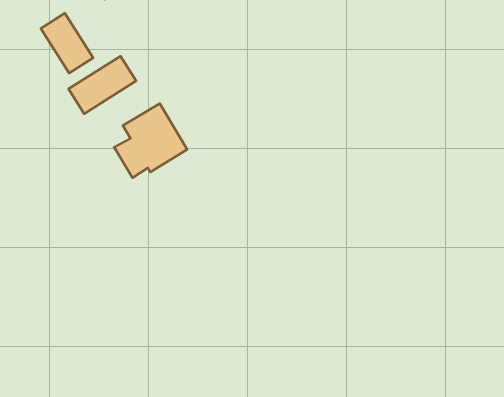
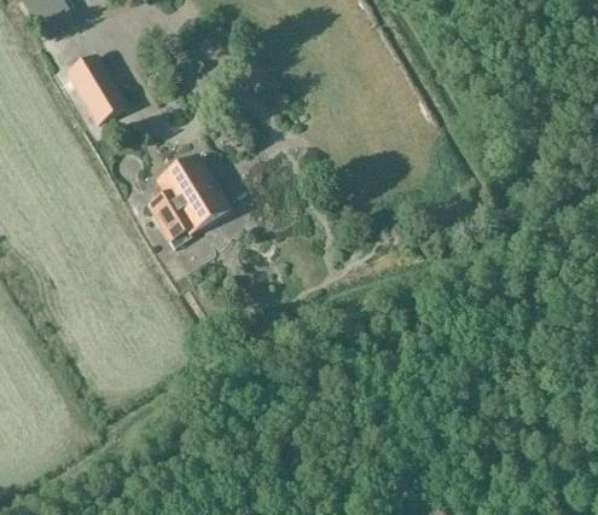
building: [68,56,136,114] -> none

